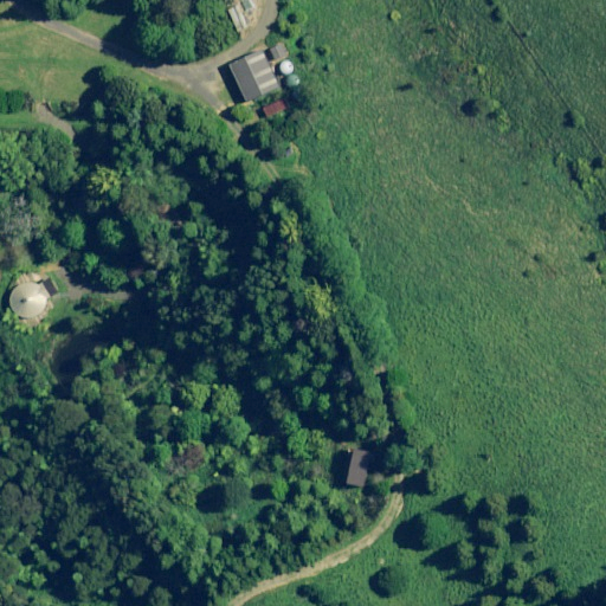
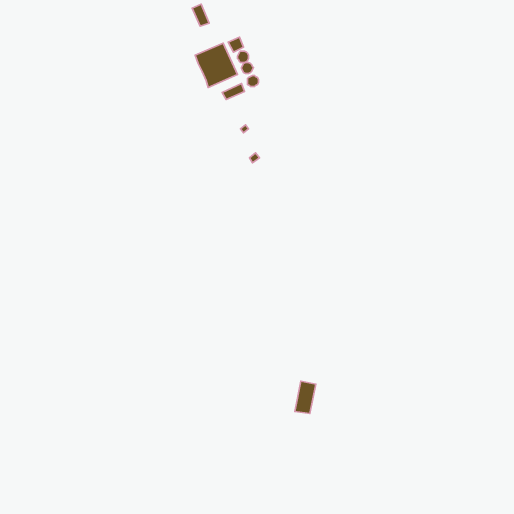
building: [6,277,53,316] -> none

